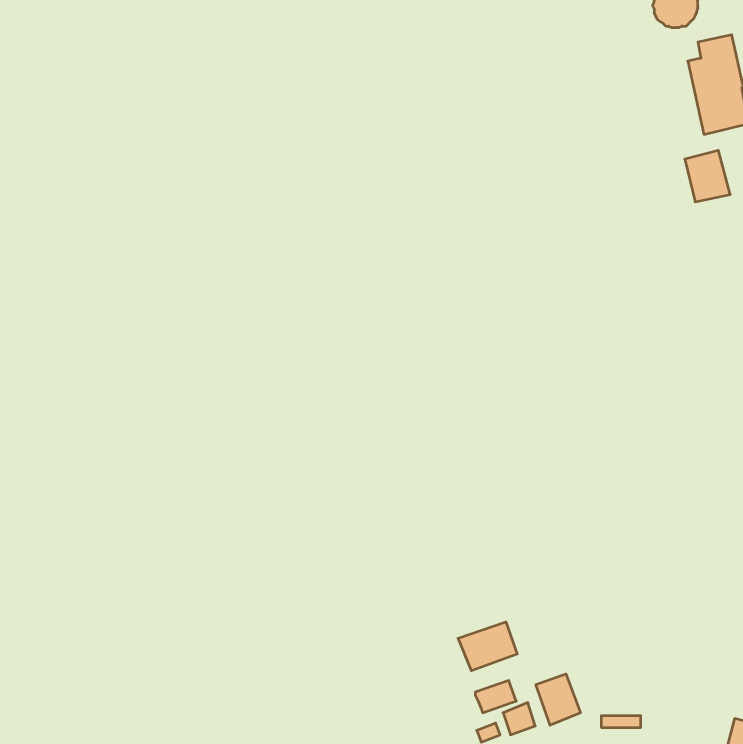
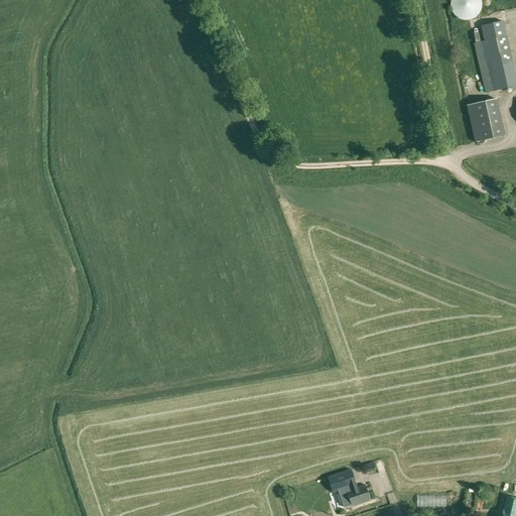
building: [458,622,517,671] -> none
building: [536,674,580,725] -> none

